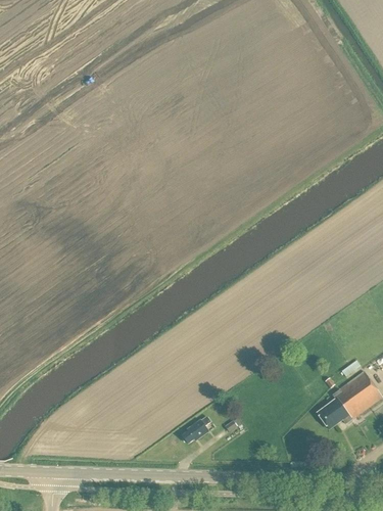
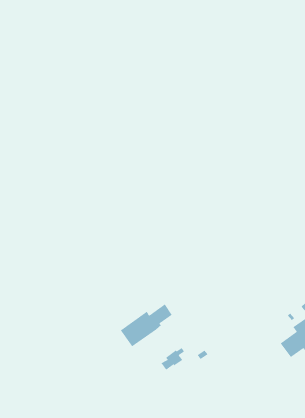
building: none -> [120,304,173,347]

